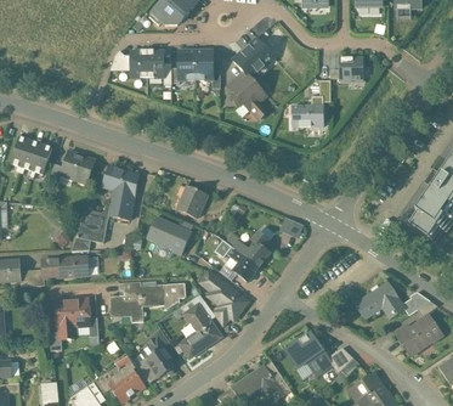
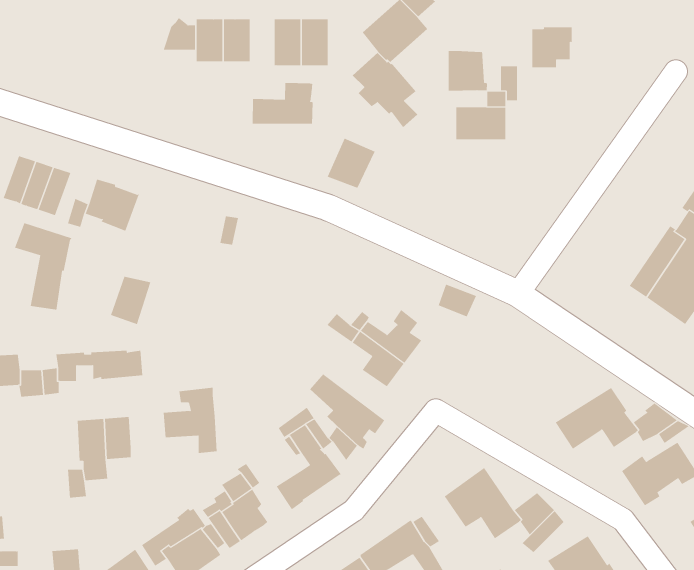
building: none -> [448,50,487,91]
building: none -> [252,82,313,124]
building: [103,165,140,220] -> [14,222,73,310]
building: [177,186,208,218] -> [327,138,375,189]
building: [146,216,192,256] -> none
building: [141,282,186,309] -> none

